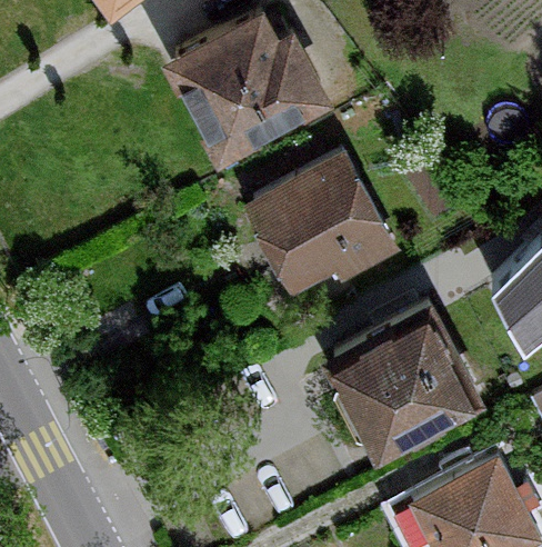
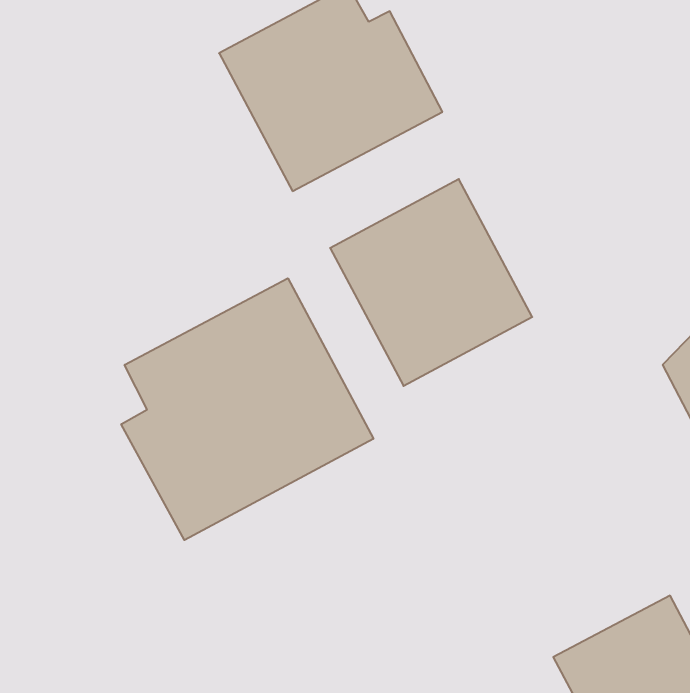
building: none -> [121,278,373,540]
building: [322,304,481,458] -> none

